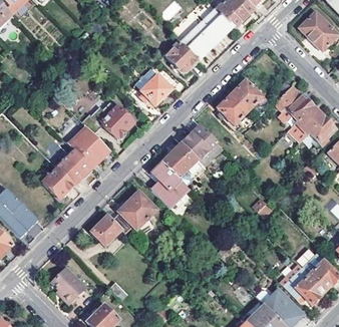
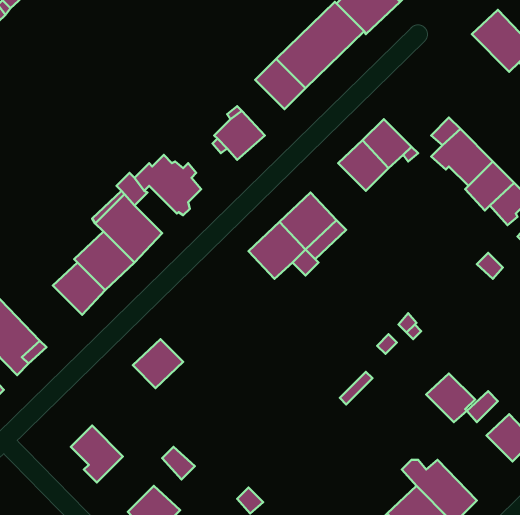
building: [150,160,189,207] -> none
building: [110,191,155,232] -> none
building: [294,274,324,304] -> [426,373,475,422]

